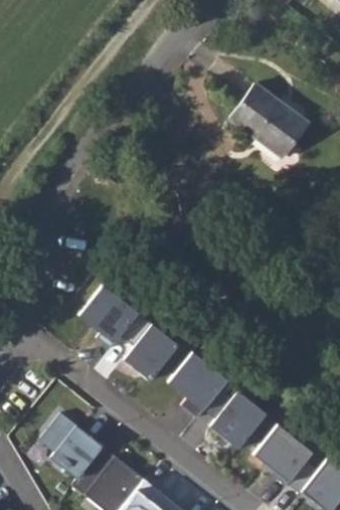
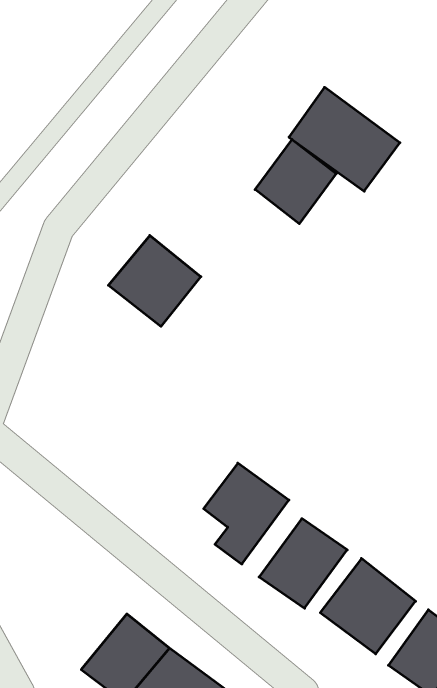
building: none -> [255,139,336,224]
building: [77,280,143,344] -> [108,235,201,326]
building: [125,326,178,382] -> none
building: [32,412,101,479] -> none

